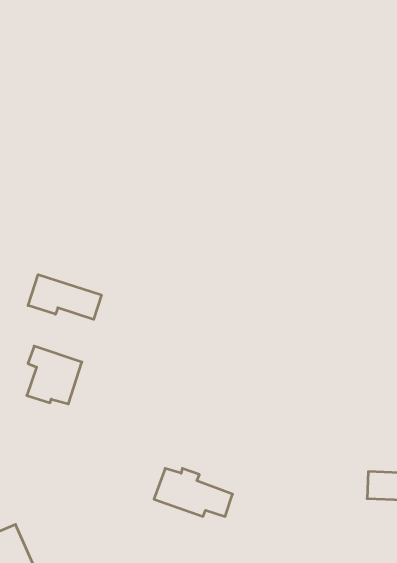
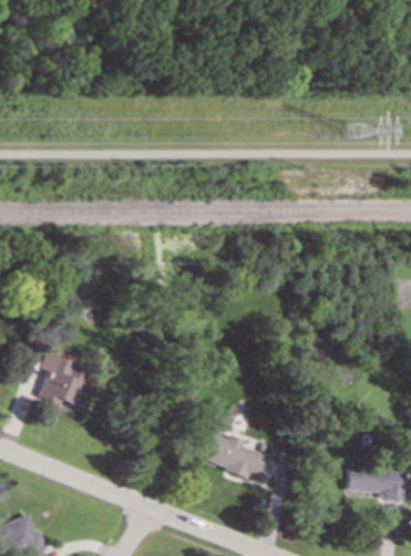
building: [28,275,101,319] -> none
building: [154,468,233,516] -> [205,434,276,477]

